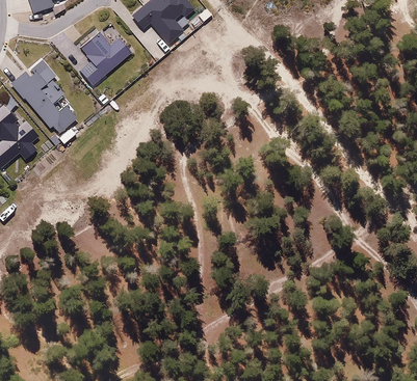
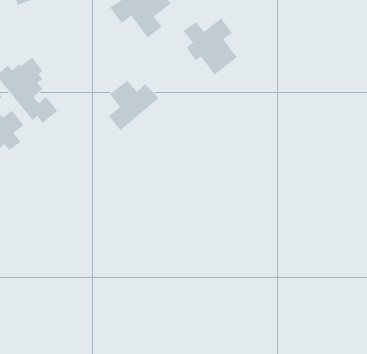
building: none -> [183,17,237,76]
building: [79,33,132,86] -> [108,80,159,131]

